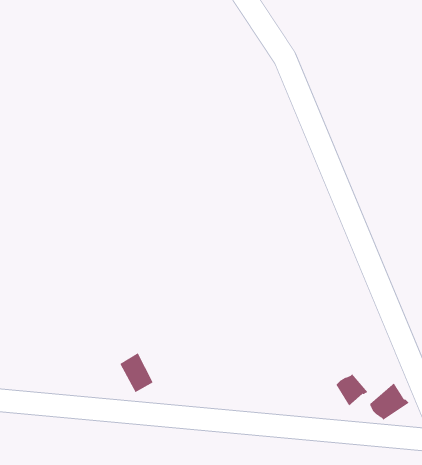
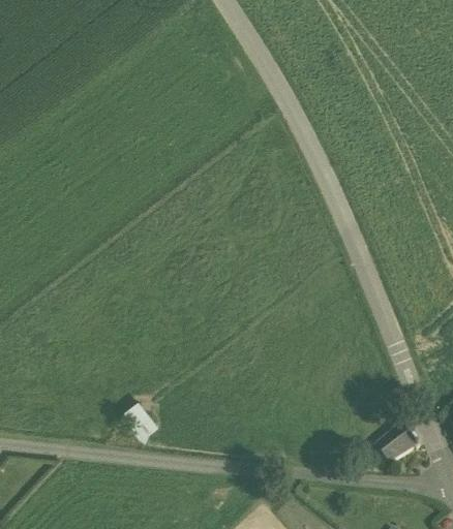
building: [336,374,368,406] -> none

